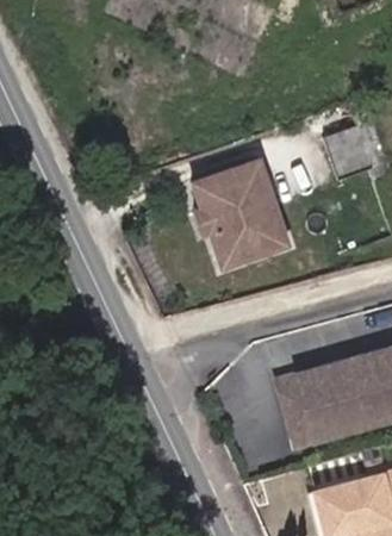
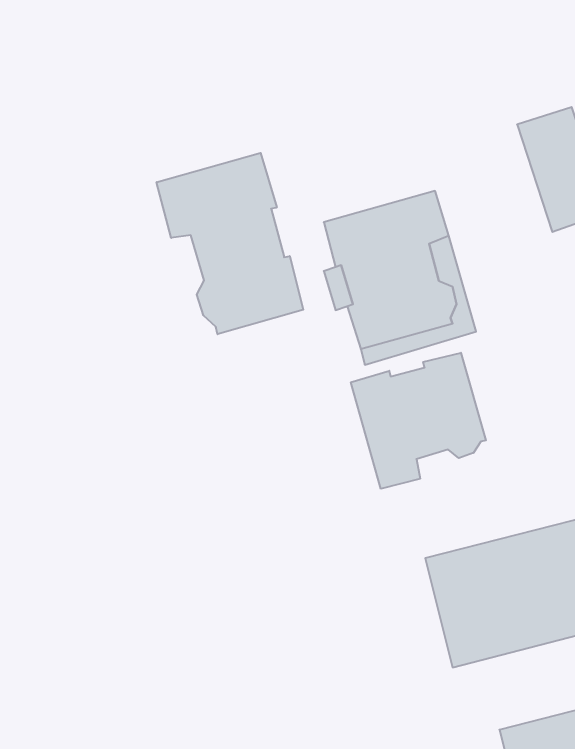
building: none -> [157,153,303,334]
building: none -> [351,353,486,489]

